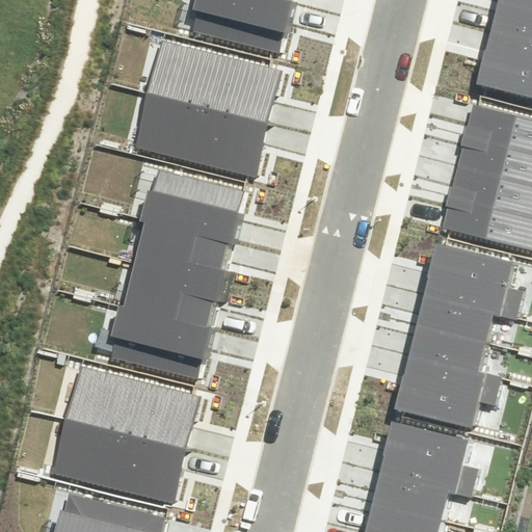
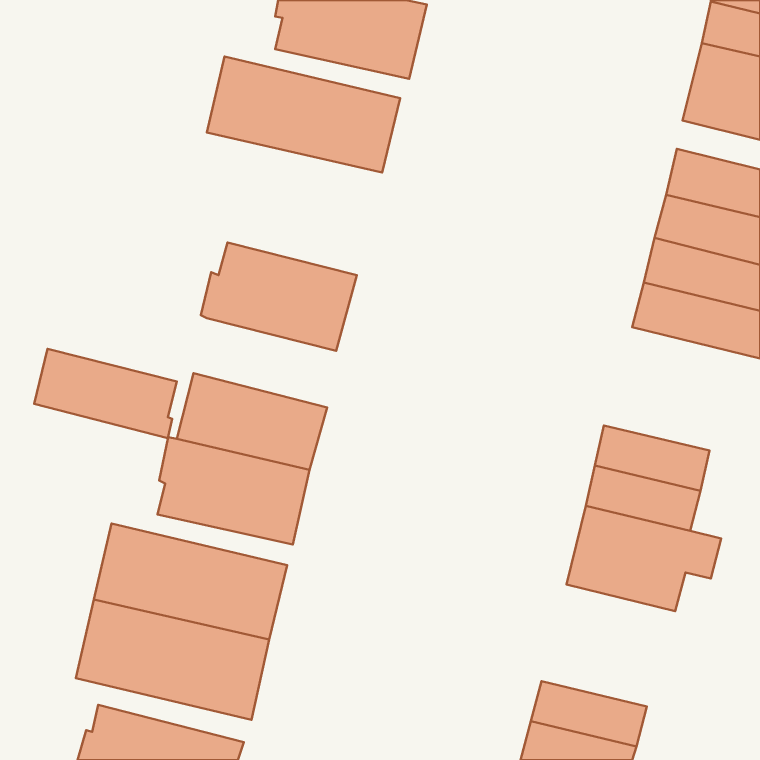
building: [132,92,267,176] -> none
building: [135,222,235,285] -> [34,349,177,438]
building: [422,243,525,319] -> none
building: [378,422,480,498] -> none

